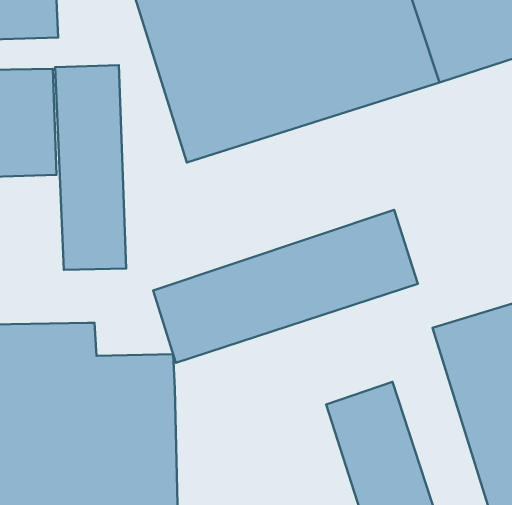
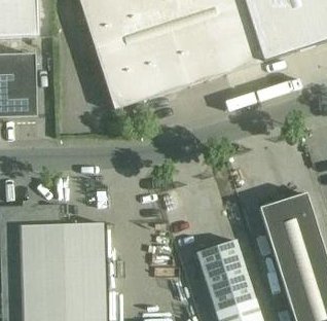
building: [55,65,126,270] -> none
building: [153,210,418,363] -> none

